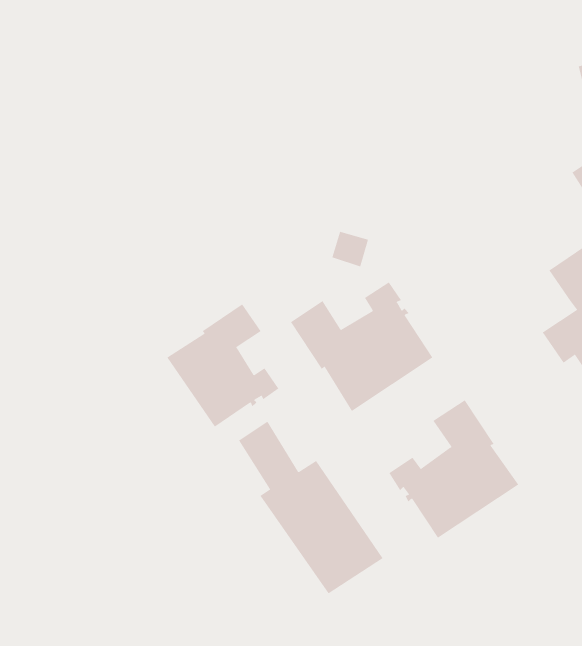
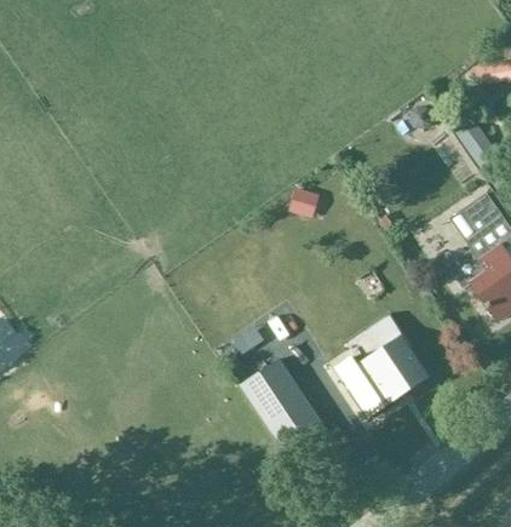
building: [290,282,433,412] -> none
building: [167,304,279,428] -> none

